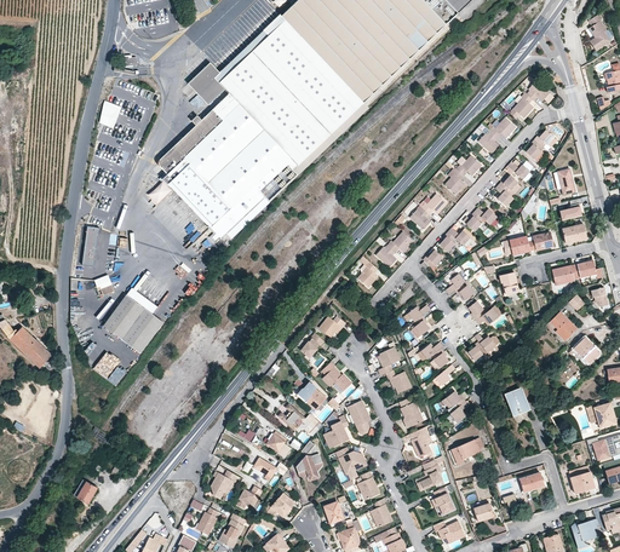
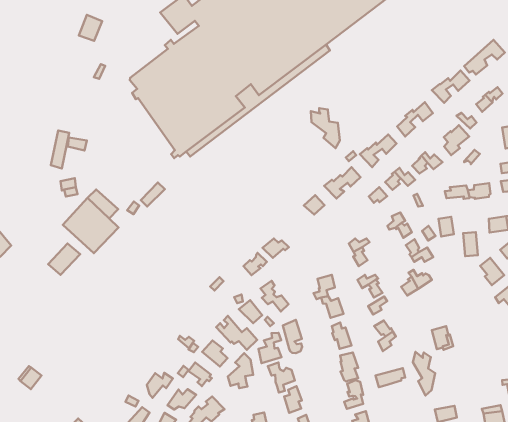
building: none -> [311,108,340,148]
building: none -> [413,352,435,395]

